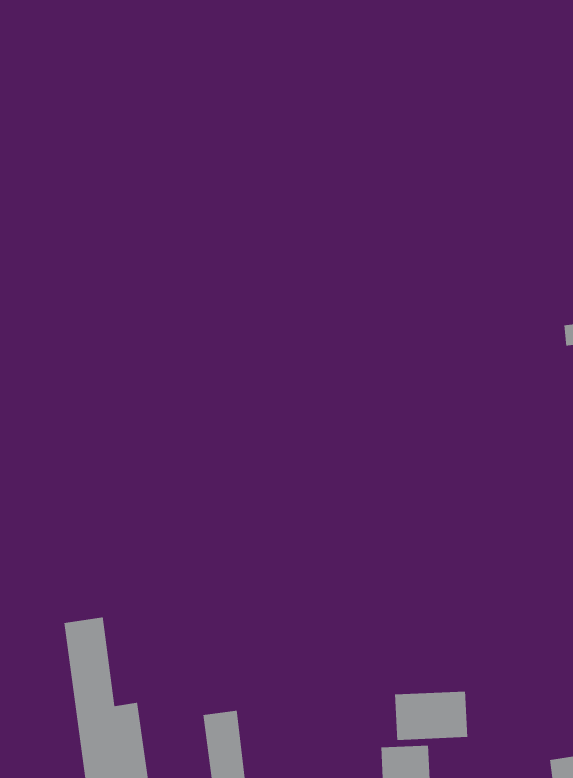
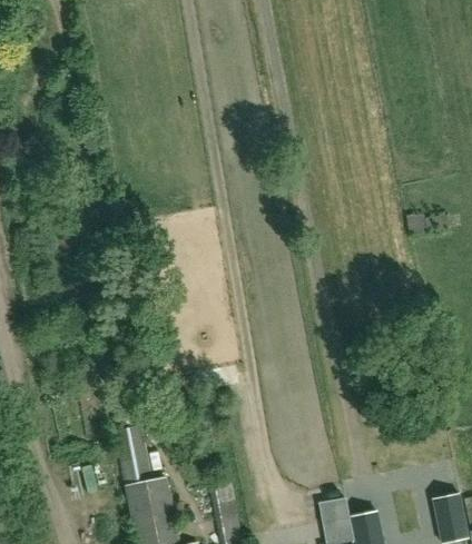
building: [394,691,468,741] -> none

